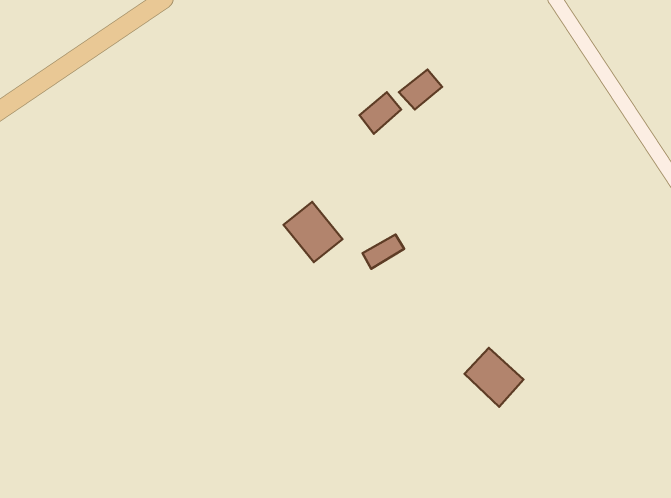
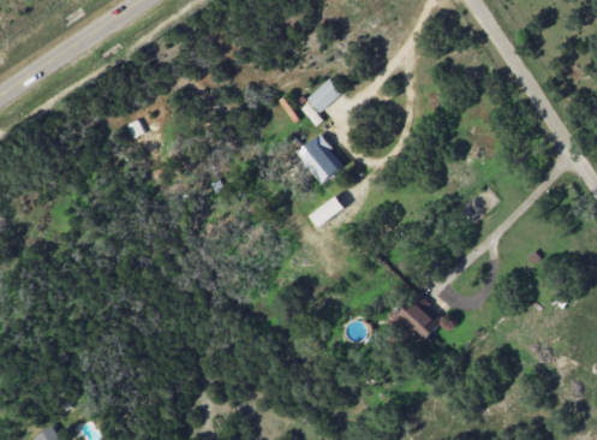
building: [399,69,442,110] -> none
building: [284,202,342,262] -> [294,136,344,186]

